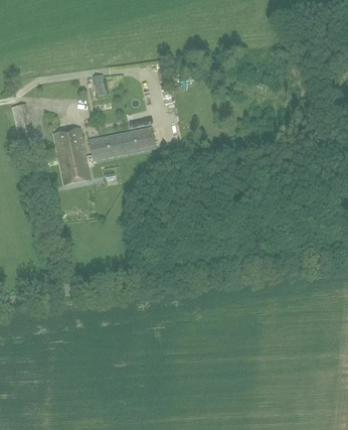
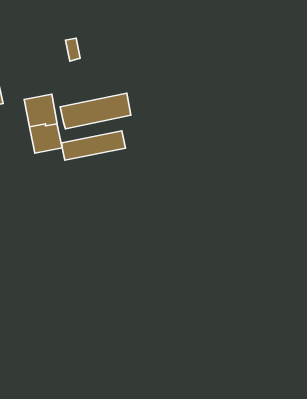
building: none -> [62,131,125,160]

